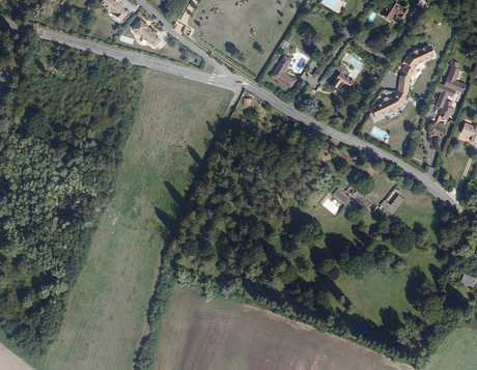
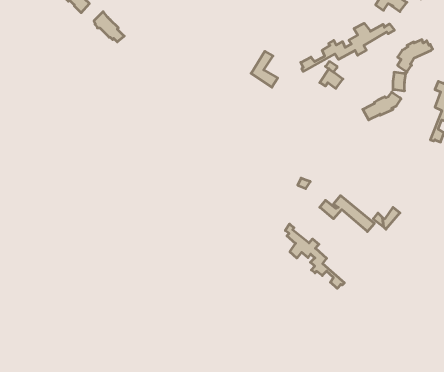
building: none -> [301,23,394,71]
building: none -> [285,224,344,288]

